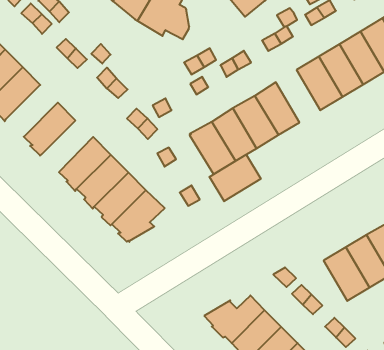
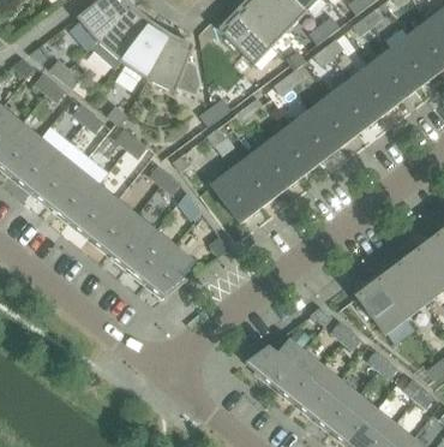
building: none -> [292,109,338,161]
building: none -> [30,151,79,205]
building: none -> [68,183,118,237]
building: [209,155,261,201] -> none

